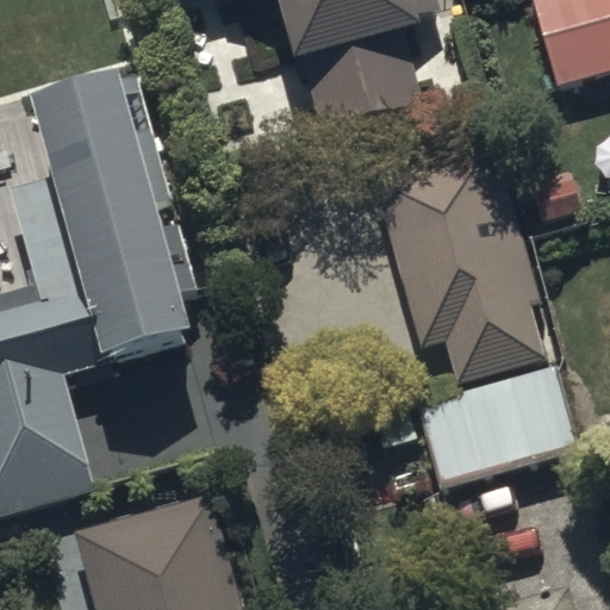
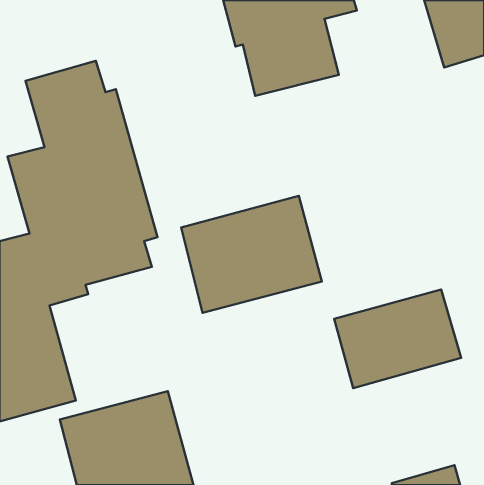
building: [375,148,547,380] -> none
building: none -> [181,196,322,313]

